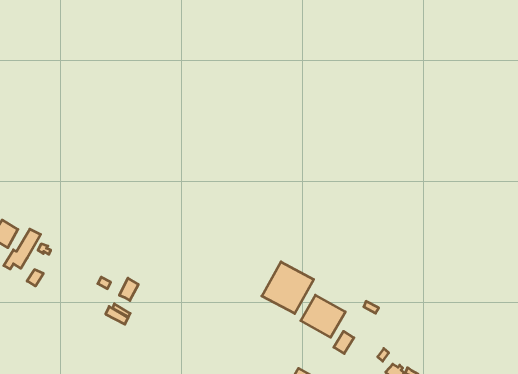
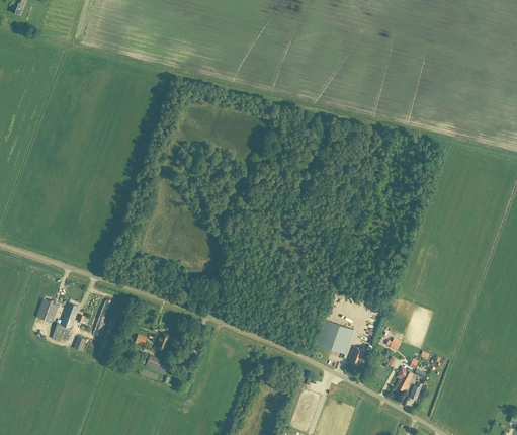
building: [262,262,314,314] -> none

